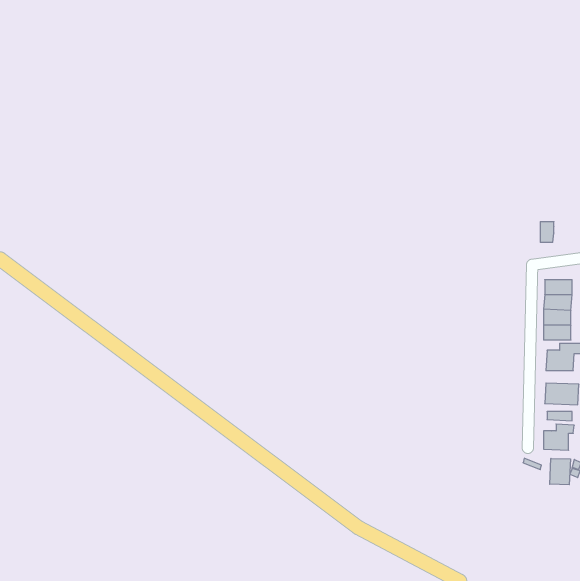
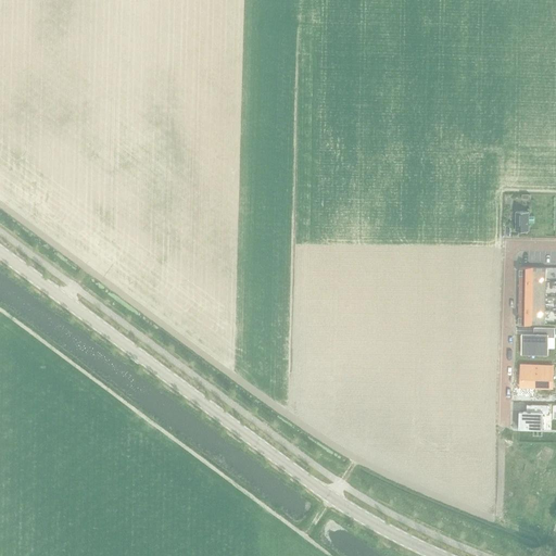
building: [550,458,570,485] -> none

